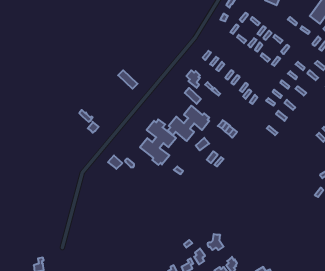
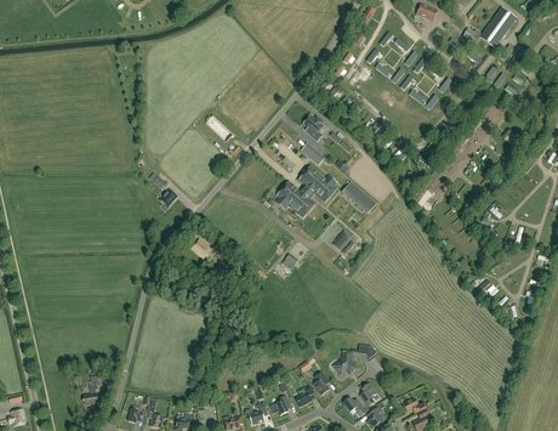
building: [140,119,176,165] -> none

